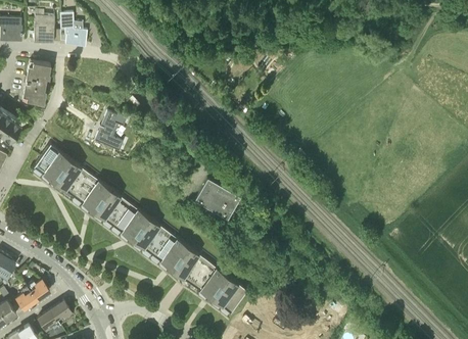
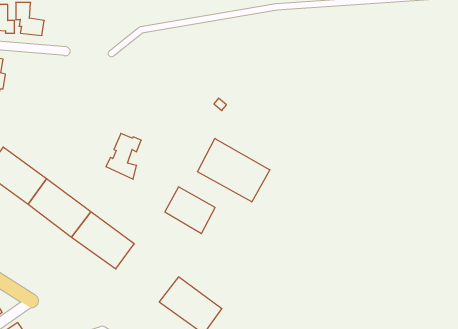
building: [94,113,126,154] -> [106,133,141,179]
building: none -> [197,138,270,202]
building: [151,232,207,284] -> none

